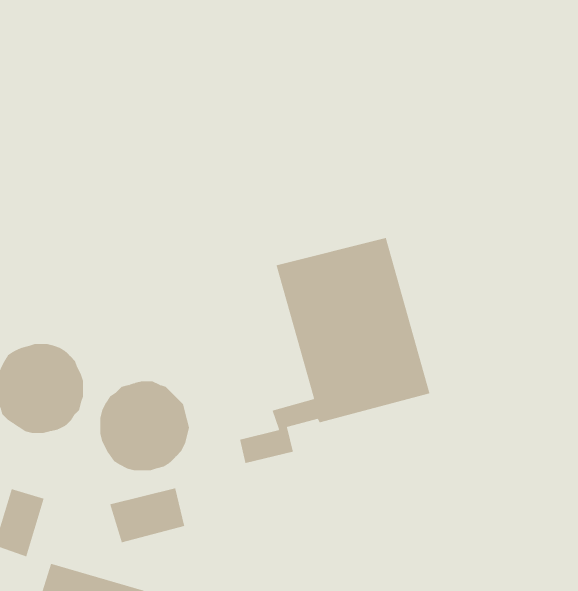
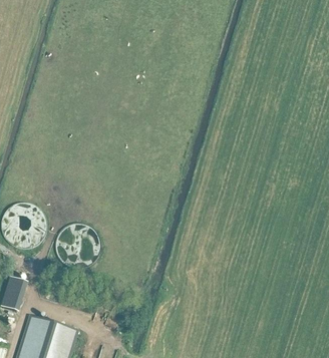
building: [239,237,430,464] -> none
building: [110,487,185,543] -> none

